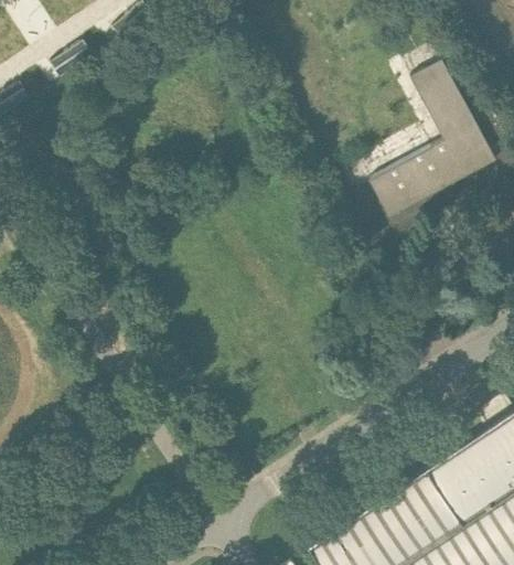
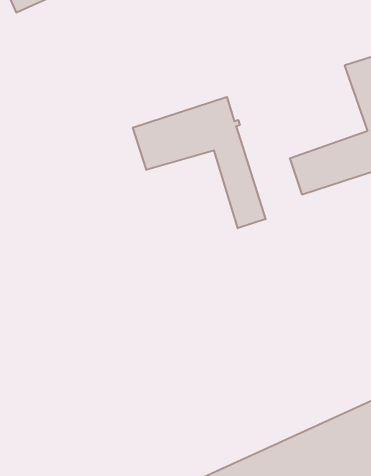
building: none -> [133,97,266,228]

